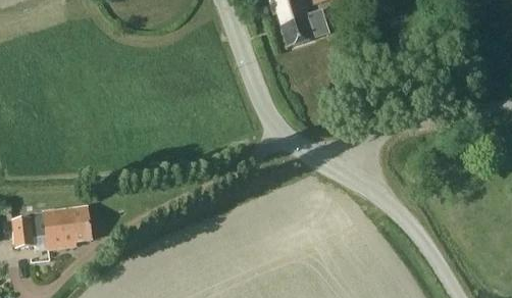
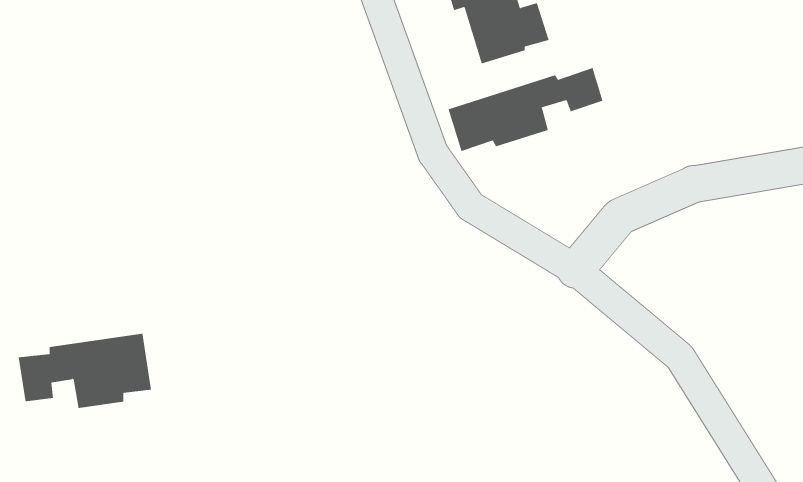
building: none -> [448,67,603,152]

